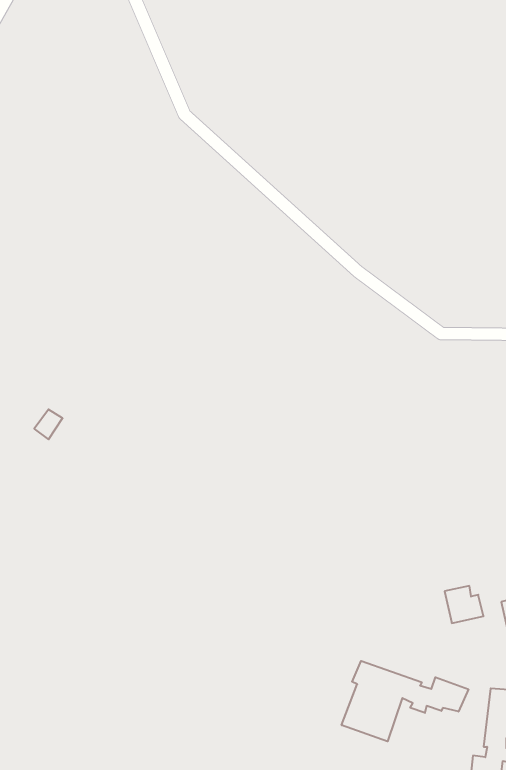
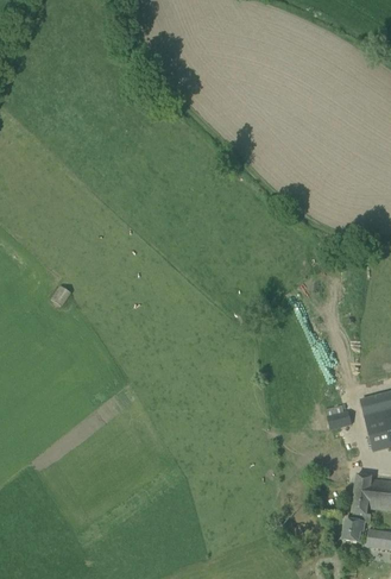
building: [342,661,468,741] -> none

